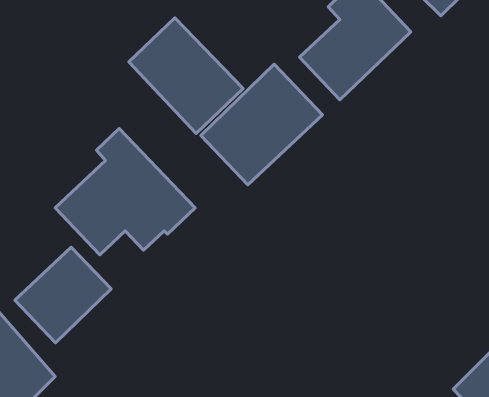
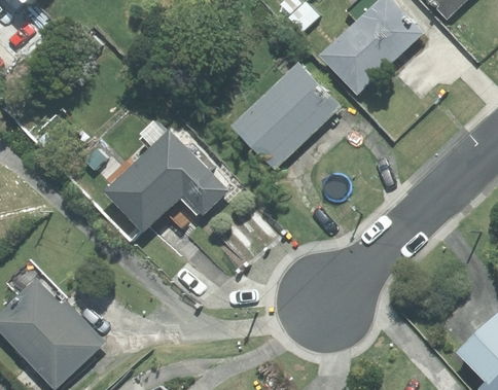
building: [129,18,243,133] -> none
building: [15,247,111,343] -> none

